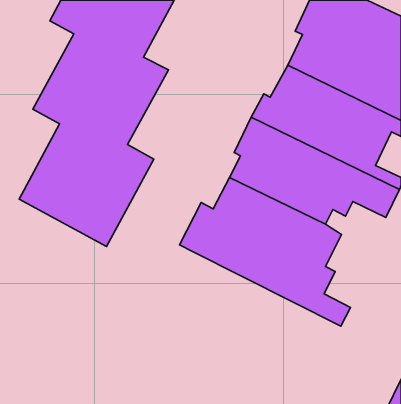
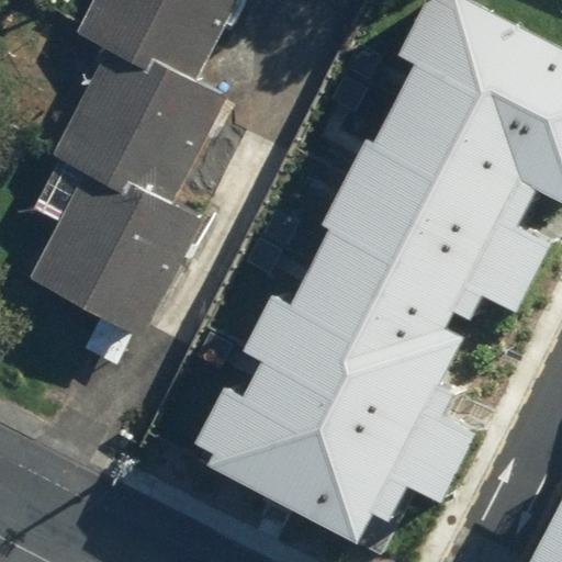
building: none -> [201,352,467,531]

